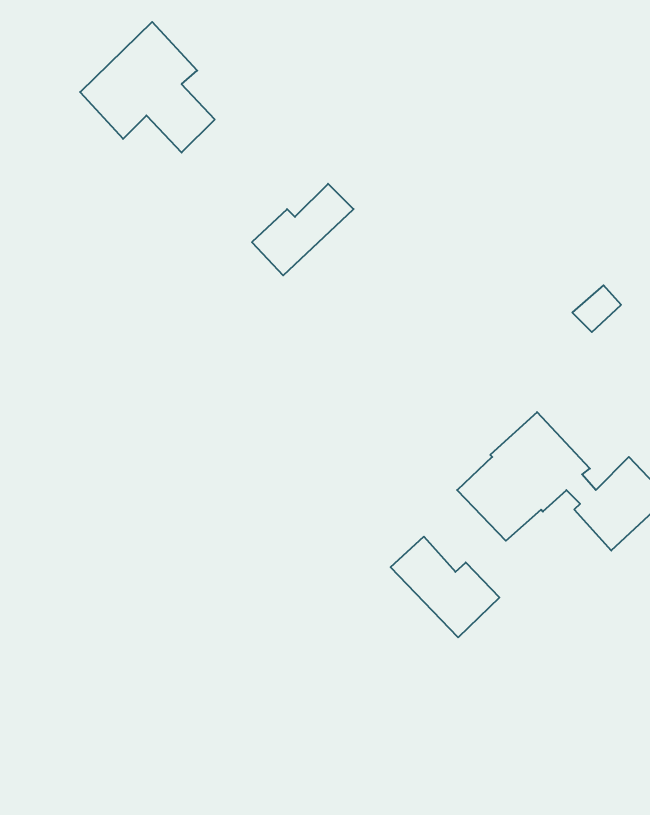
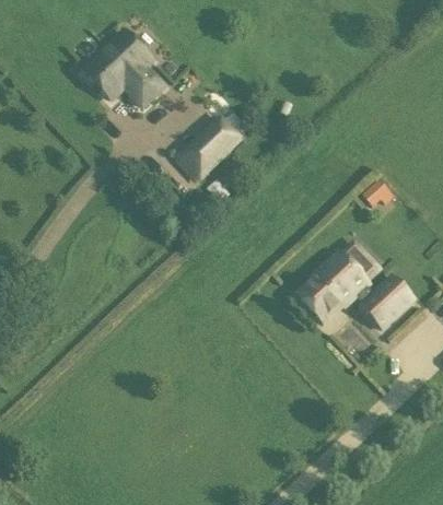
building: [391,537,499,637] -> none

